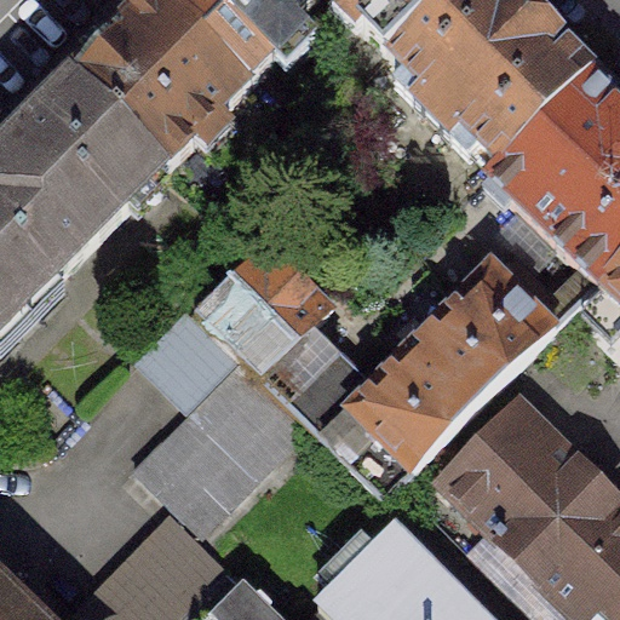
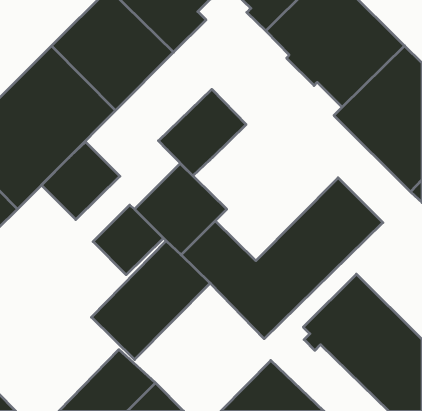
building: none -> [158,89,246,176]
building: none -> [41,142,120,220]

